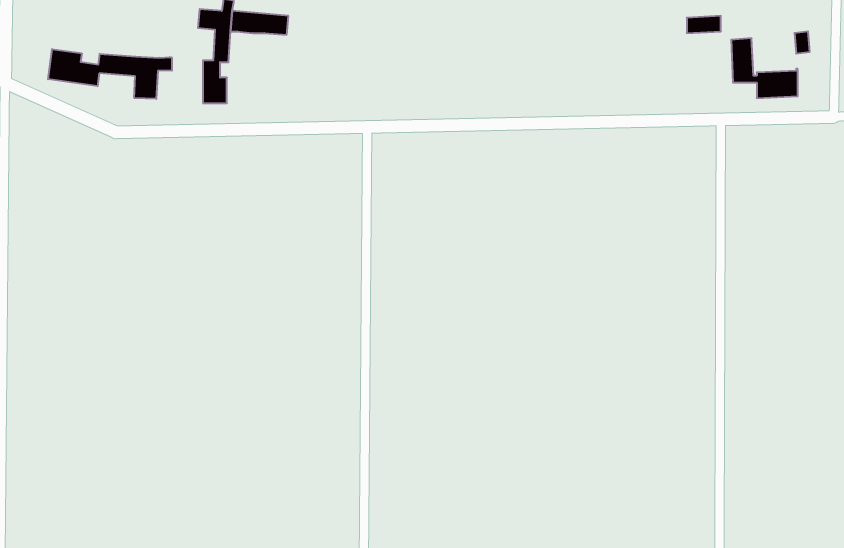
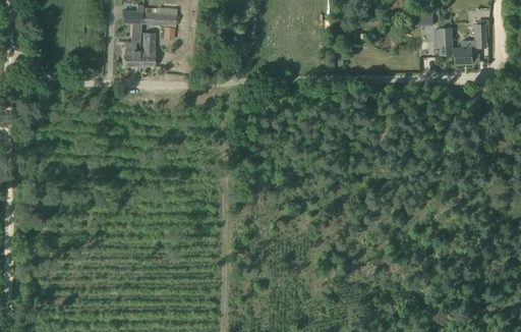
building: none -> [139,32,155,66]
building: [48,49,172,99] -> none

